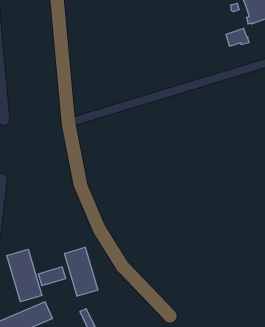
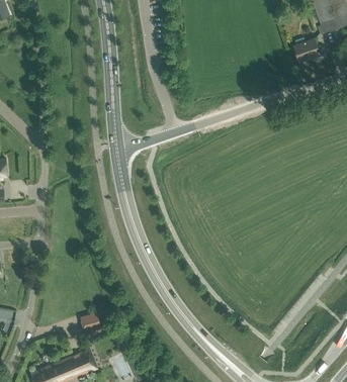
building: [64,247,98,296] -> none
building: [7,249,42,302] -> none

